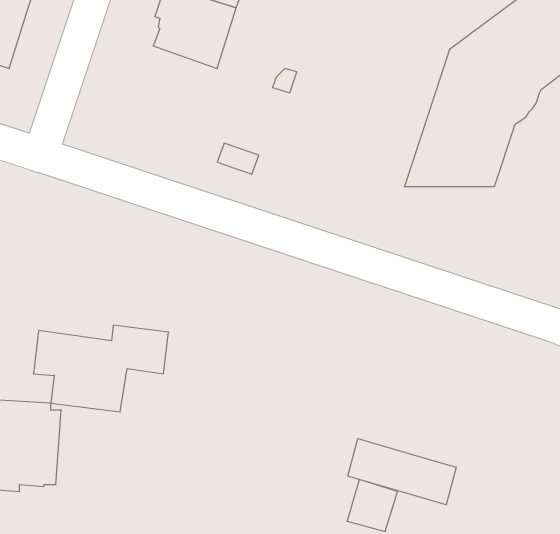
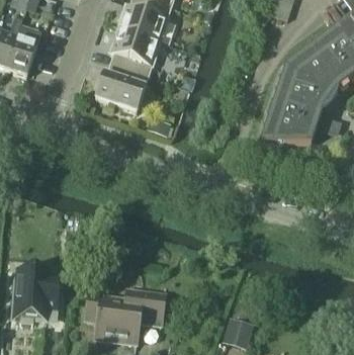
building: none -> [96,62,149,110]
building: [33,325,169,412] -> [86,289,165,340]
building: [348,438,456,505] -> none

